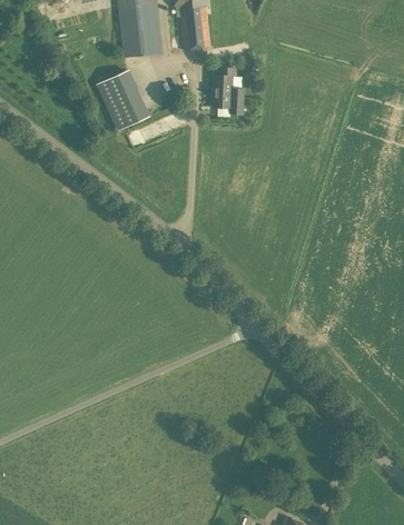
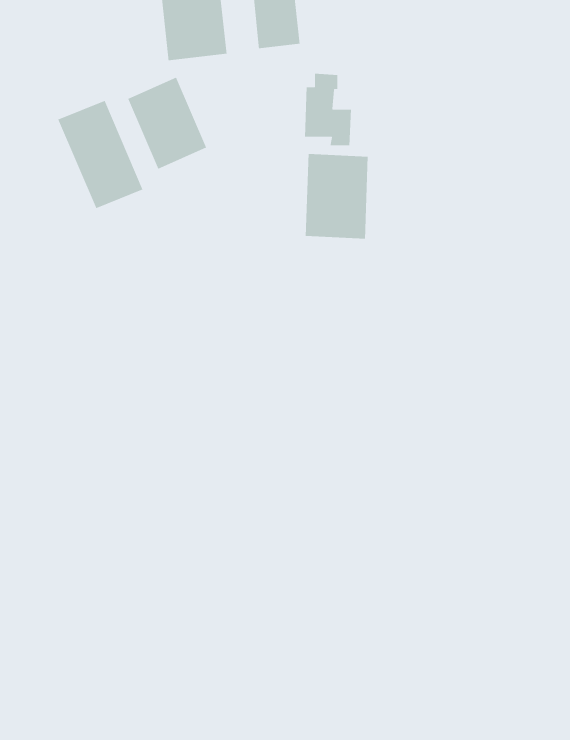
building: none -> [57,100,144,209]
building: none -> [305,153,368,240]

